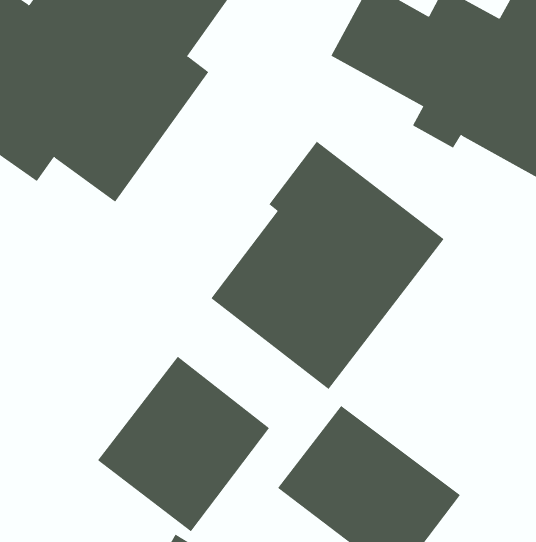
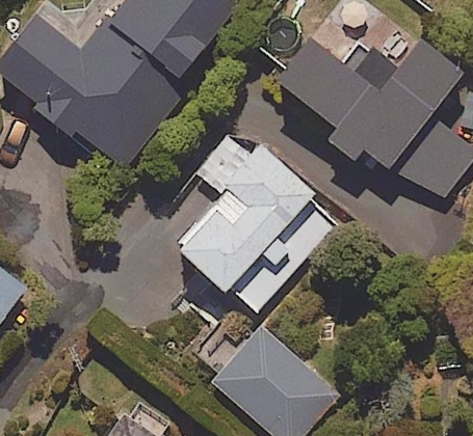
building: [97,356,270,532] -> none

